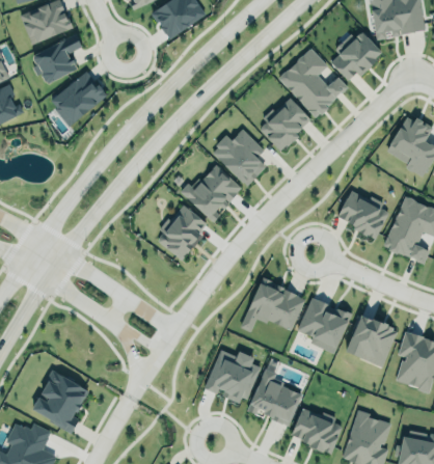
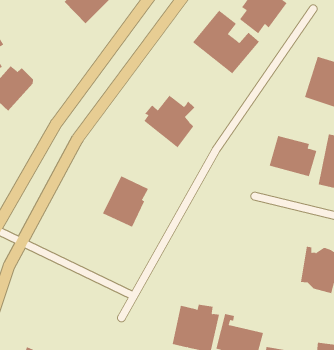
building: [259,99,313,152] -> none
building: [181,165,242,221] -> none
building: [241,279,305,332] -> none
building: [298,296,349,351] -> none

